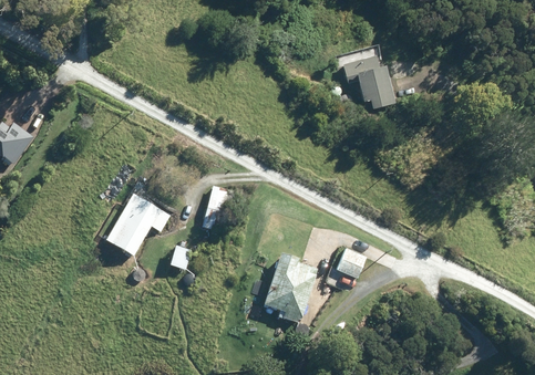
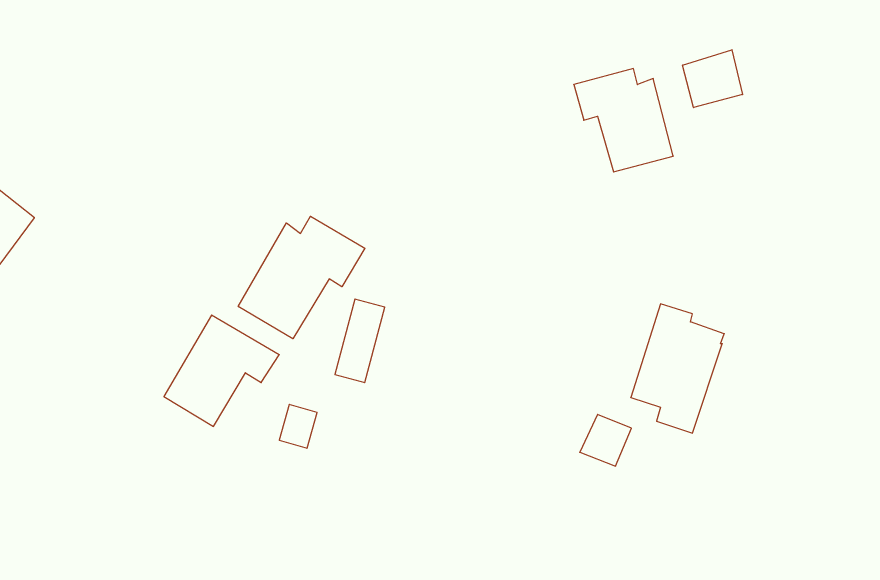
building: none -> [683,50,743,108]
building: none -> [238,216,365,339]
building: [266,250,318,322] -> [631,304,724,433]

